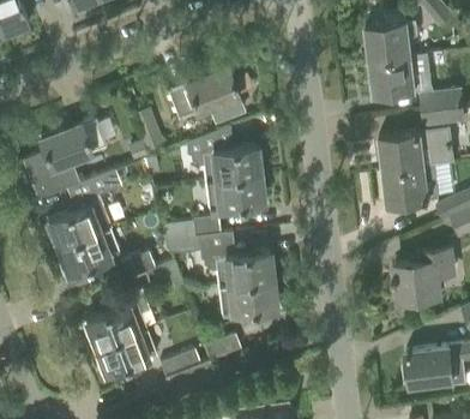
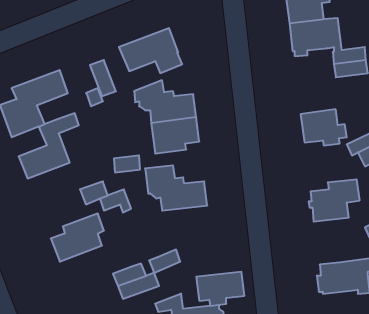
building: [380,130,454,173] -> none
building: [59,231,119,277] -> none
building: [219,282,277,323] -> [196,272,244,306]
building: [97,330,158,376] -> none

